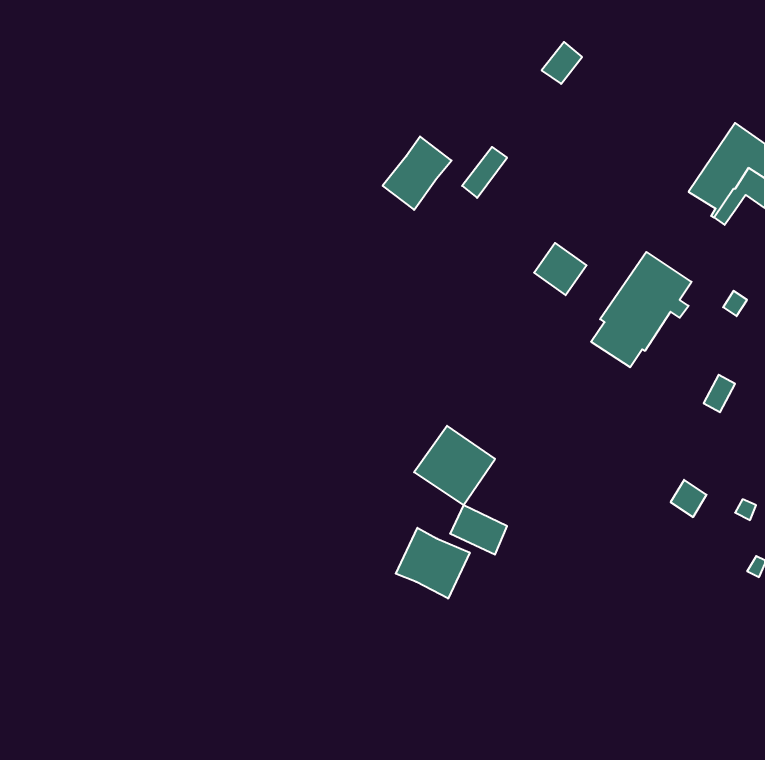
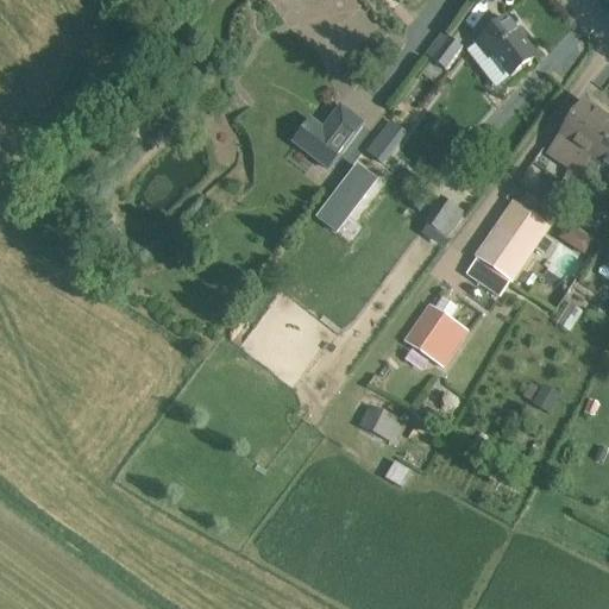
building: none -> [475,15,535,73]
building: none -> [318,163,375,228]
building: [414,426,495,505] -> [403,302,467,365]
building: [396,528,470,599] -> none

